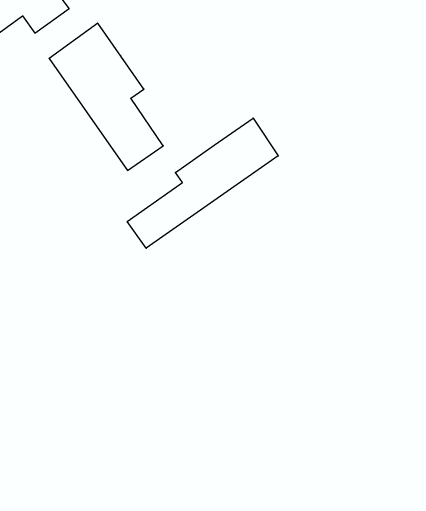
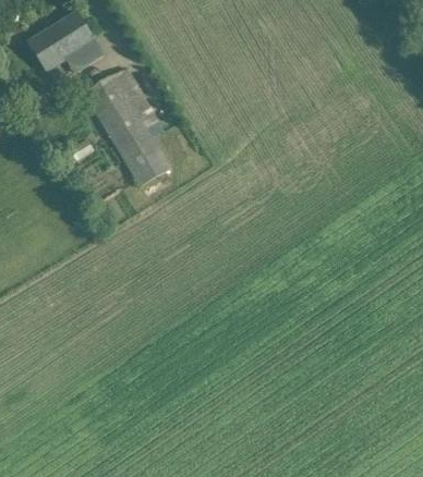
building: [127,118,278,248] -> none

